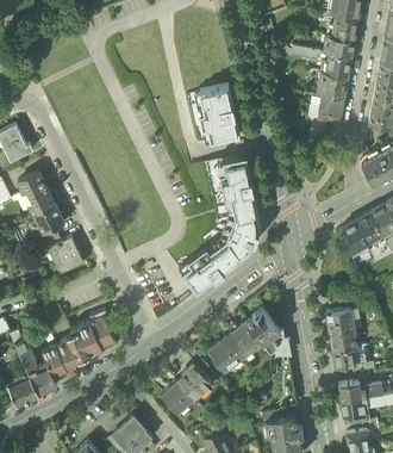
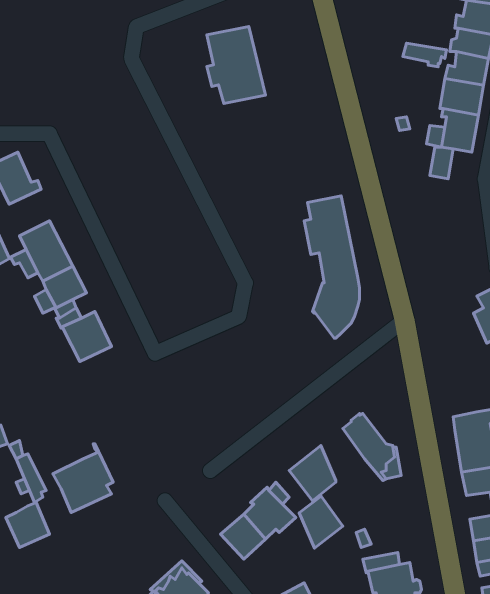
building: [199,86,241,141] -> [207,26,266,103]
building: [182,237,242,292] -> none
building: [71,310,117,359] -> none
building: [232,321,263,358] -> [299,496,343,548]
building: [29,364,58,396] -> none

